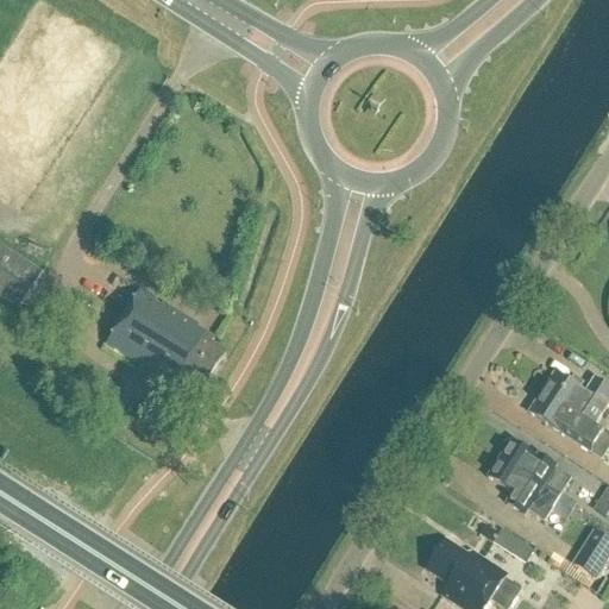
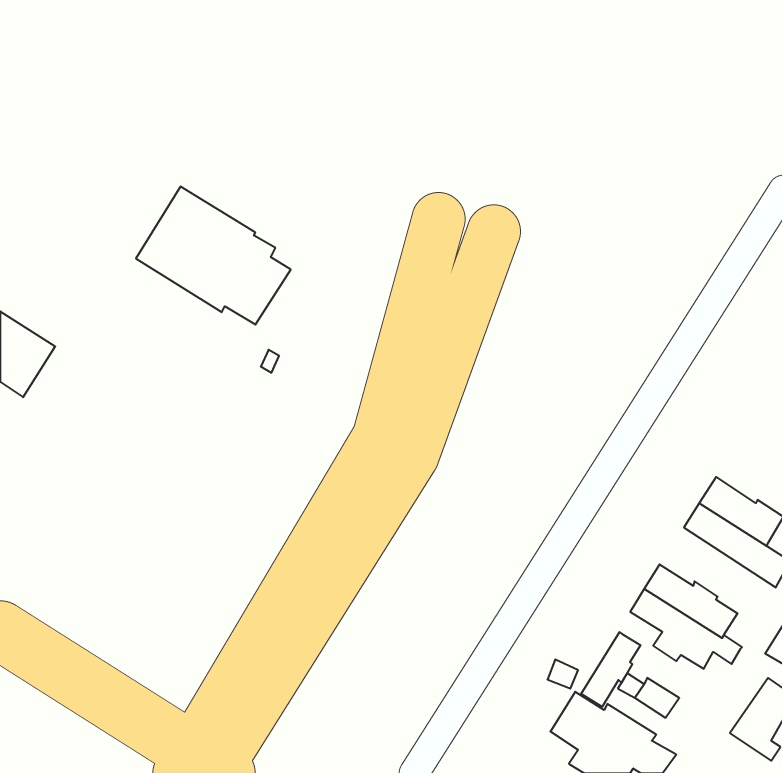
building: [107,284,227,391] -> [136,187,291,325]
building: none -> [581,632,640,707]

